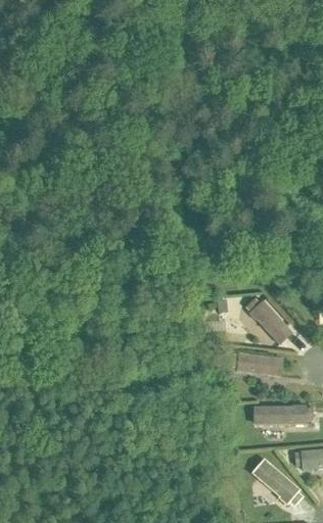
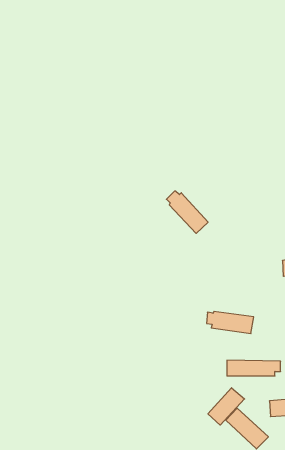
building: [246,297,292,344] -> [166,191,208,233]
building: none -> [208,388,245,425]

